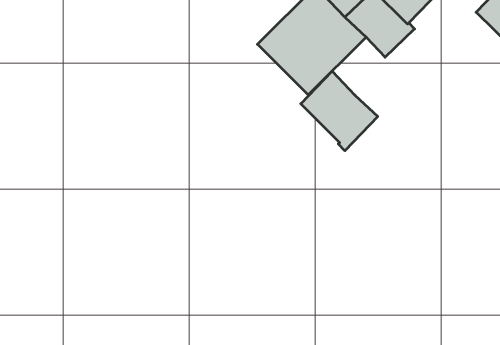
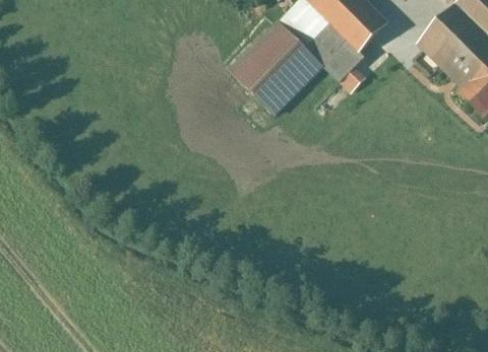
building: [301,71,378,151] -> none

